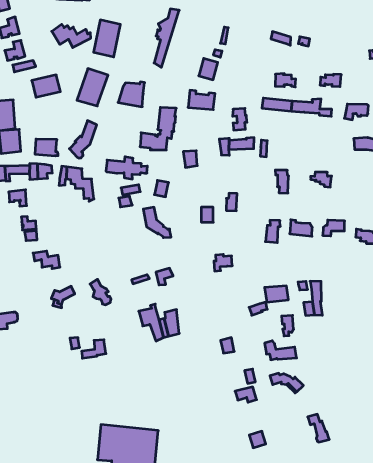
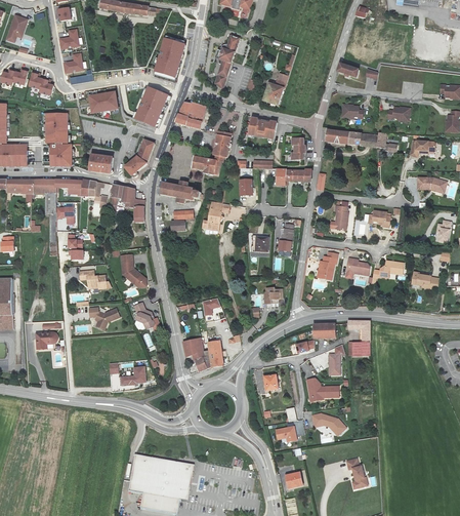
building: [52,24,90,48] -> none
building: [143,207,171,238] -> [120,256,147,288]

